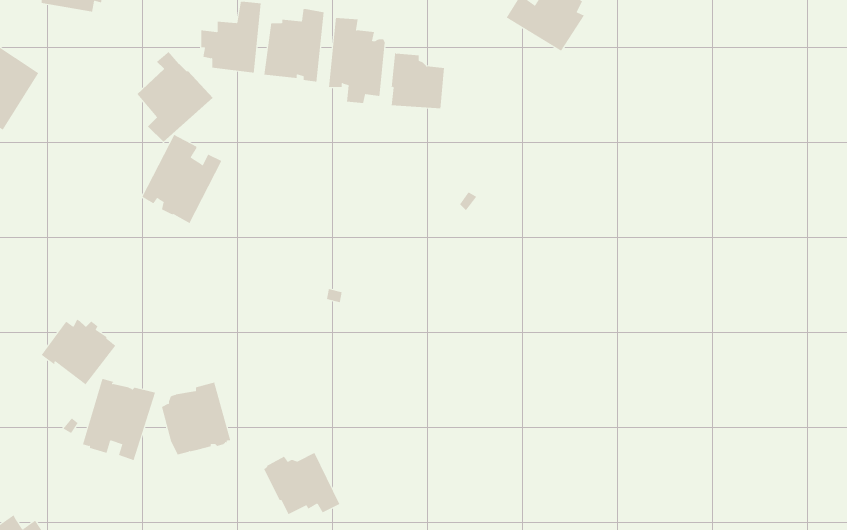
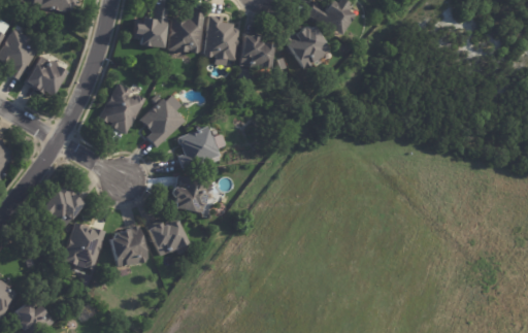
building: none -> [284,25,328,67]
building: [136,51,214,143] -> [139,95,184,147]
building: none -> [24,56,65,95]
building: none -> [177,126,224,168]
building: none -> [170,175,211,213]
building: [263,452,340,515] -> [147,220,192,256]

